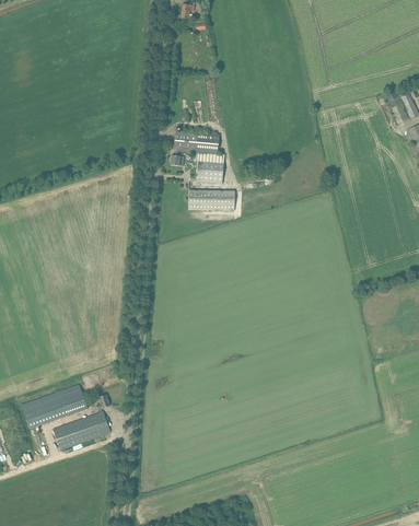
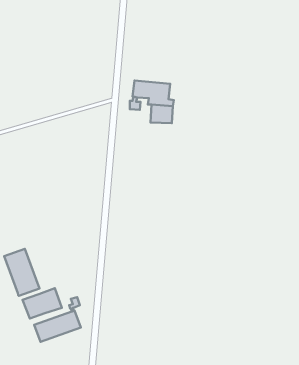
building: [188,190,234,210] -> none
building: none -> [4,249,40,296]

